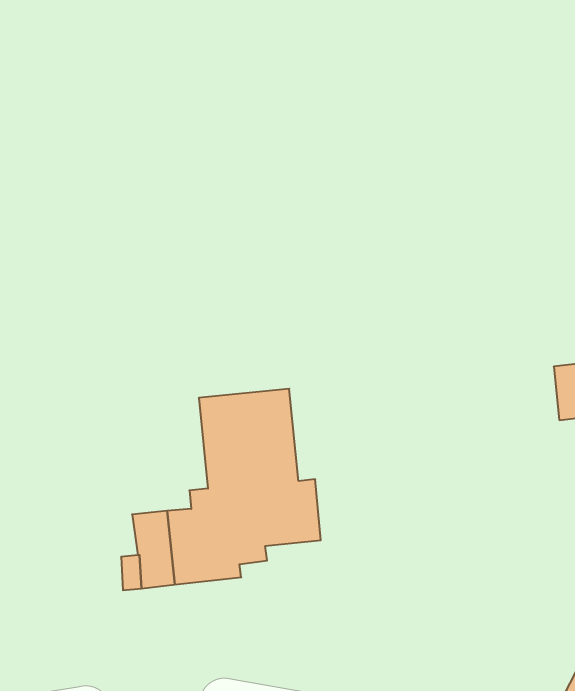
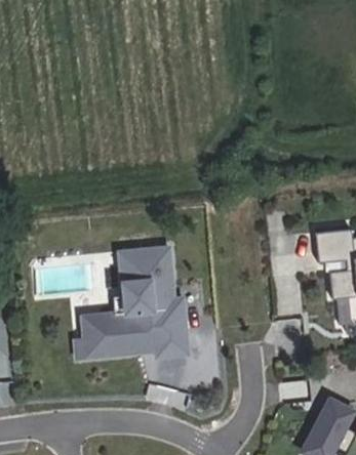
building: none -> [142,331,189,357]

